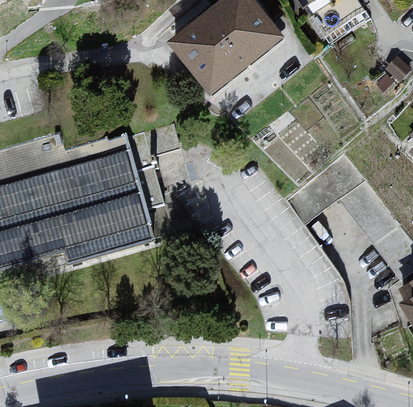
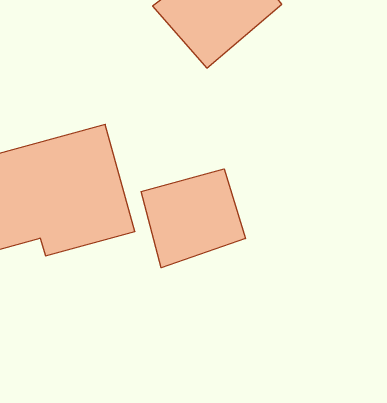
building: none -> [141,169,245,268]

